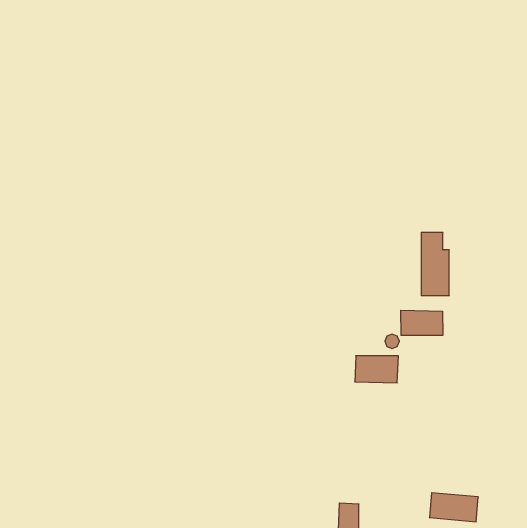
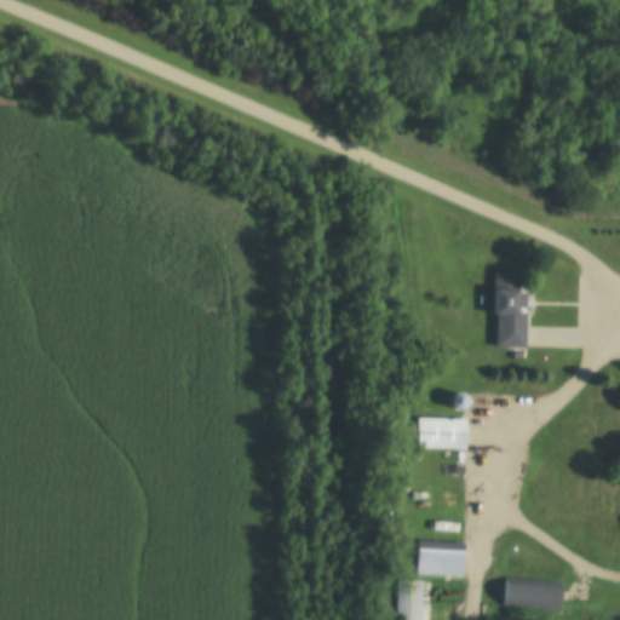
building: [401,310,443,335] -> none
building: none -> [418,540,465,576]

